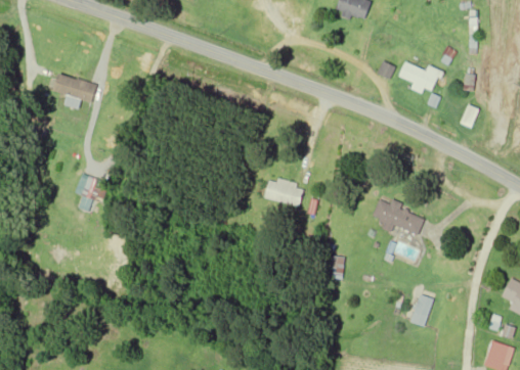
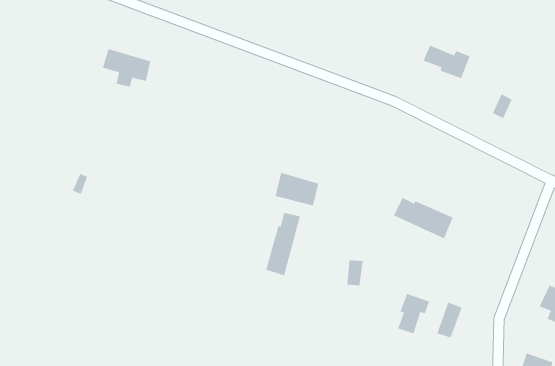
building: [50,74,94,108] -> [102,49,151,87]
building: none -> [266,212,300,276]
building: none -> [397,293,430,334]

